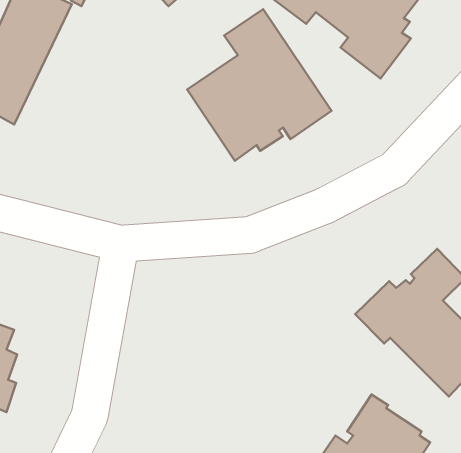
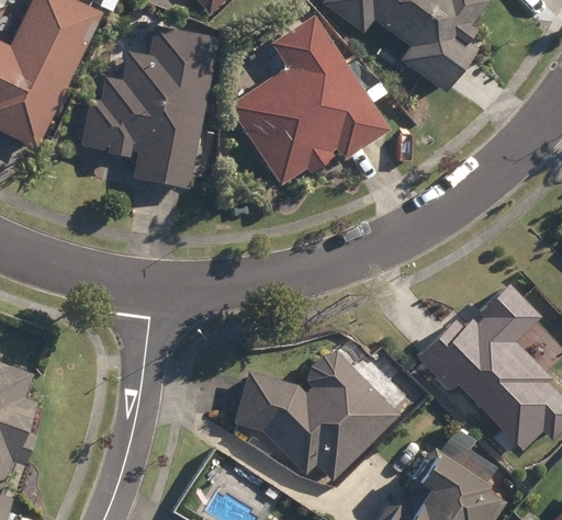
building: none -> [80,25,218,189]
building: none -> [236,355,400,479]

